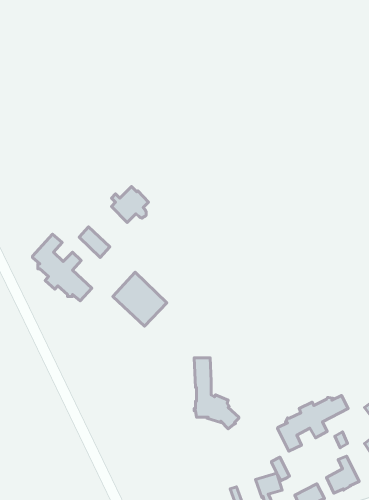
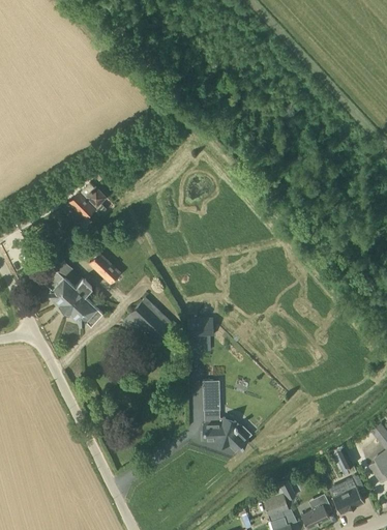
building: [111,186,148,222] -> [68,182,105,217]
building: none -> [187,318,213,343]
building: [277,395,348,451] -> none

